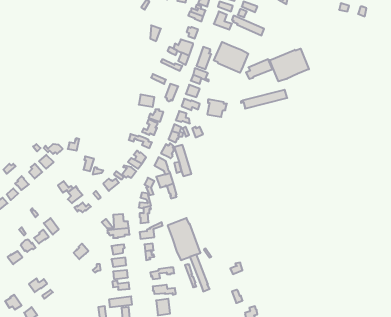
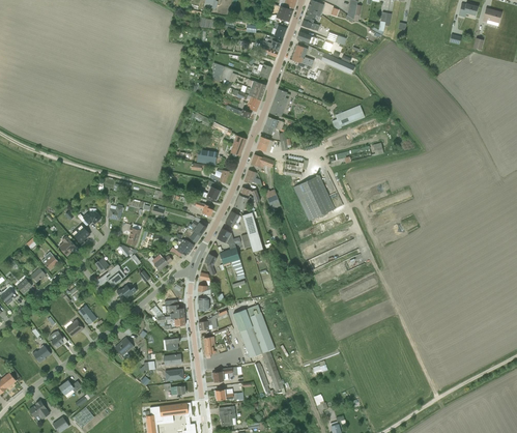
building: [214,42,248,73] -> none
building: [270,49,309,81] -> none
building: none -> [293,175,335,221]

